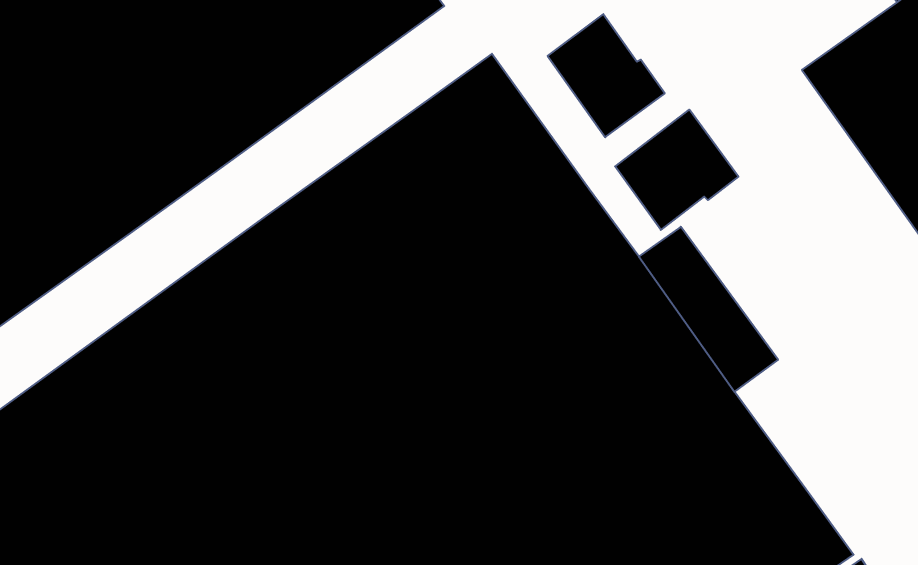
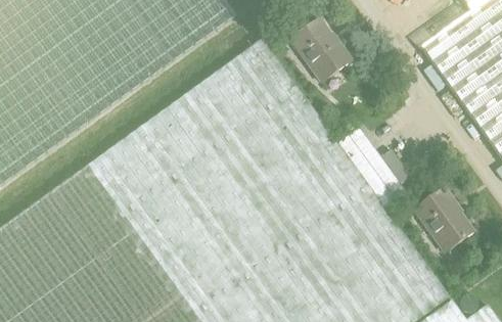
building: [615,110,738,230] -> none
building: none -> [414,187,473,250]

